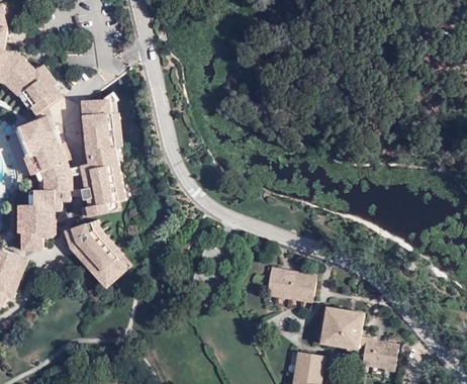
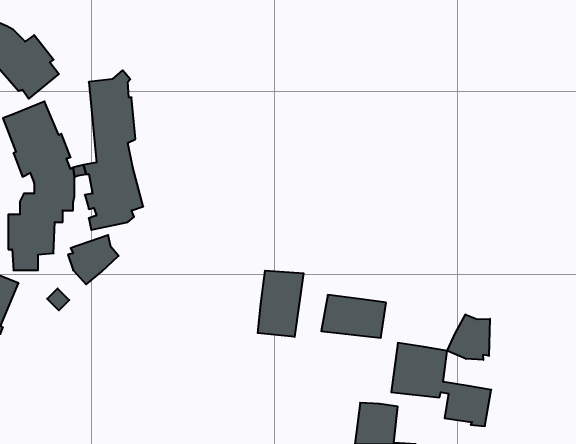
building: [81,236,130,286] -> none
building: none -> [258,271,304,337]
building: none -> [447,314,490,360]

